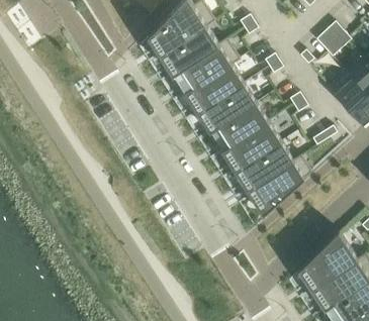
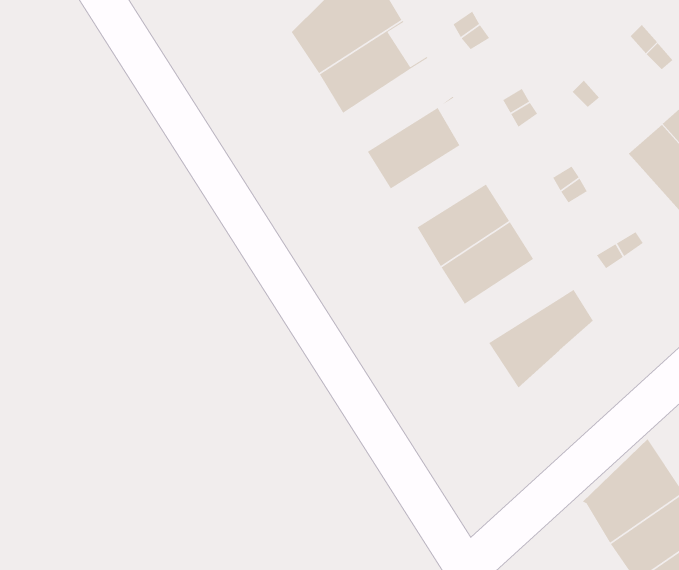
building: [183,40,239,88] -> none
building: [207,85,256,126] -> none
building: [245,142,300,185] -> none

